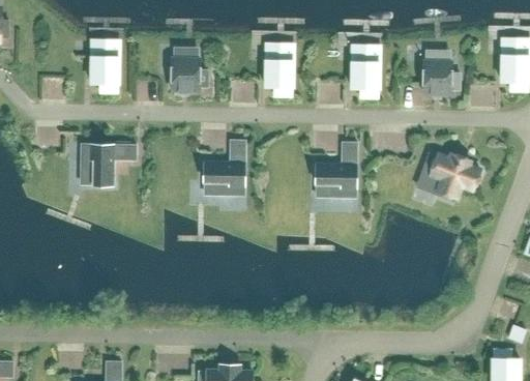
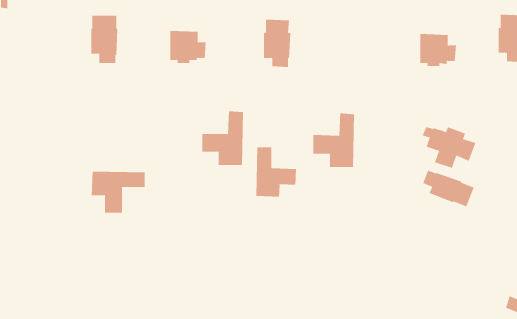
building: [351,50,379,97] -> none
building: [81,144,136,186] -> [91,171,145,213]
building: none -> [256,146,297,197]
building: none -> [423,170,474,207]

